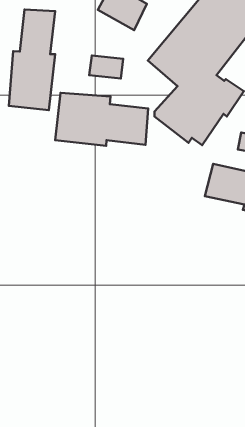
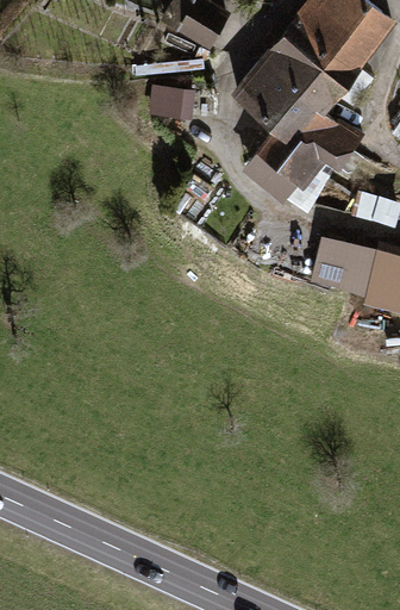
building: [9,9,55,110] -> none
building: [55,93,148,146] -> none

